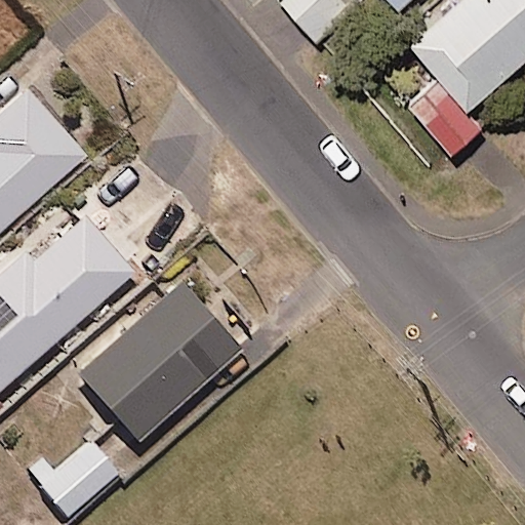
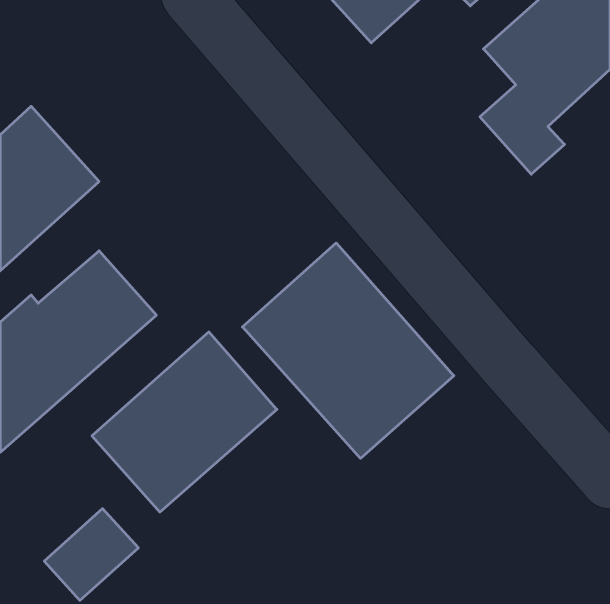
building: none -> [242,243,454,458]

